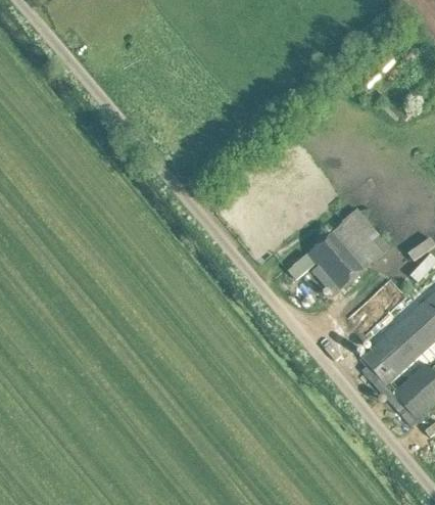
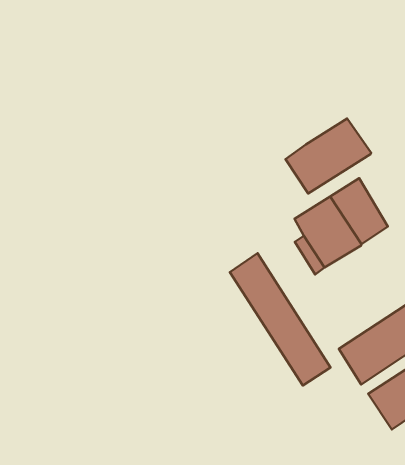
building: none -> [285,118,371,193]
building: none -> [230,253,330,385]

